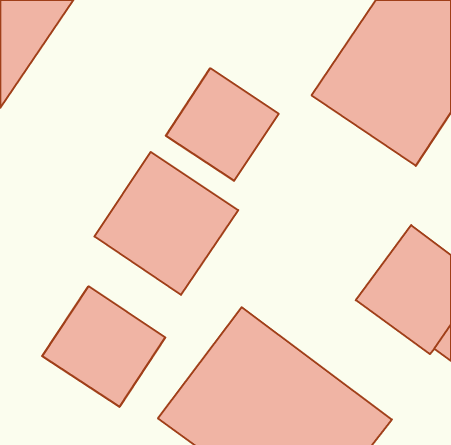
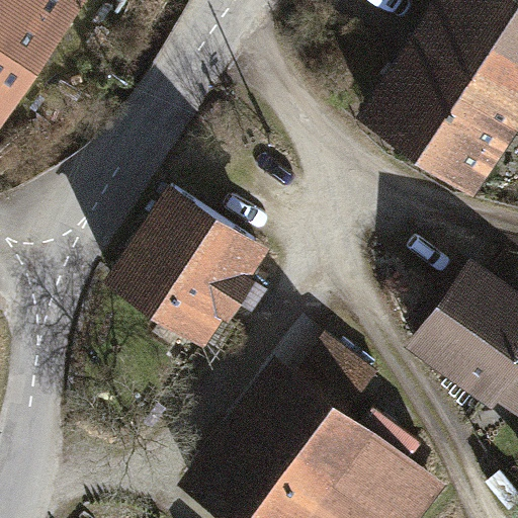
building: [166,68,279,181] -> none
building: [42,286,165,407] -> none

